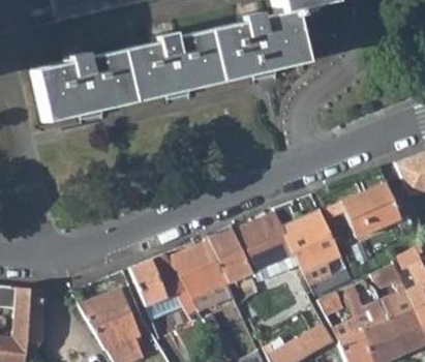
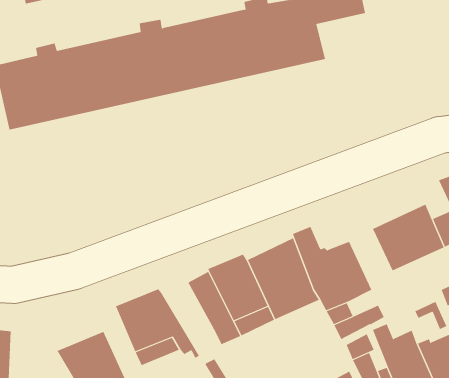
building: [169,249,212,300] -> none

